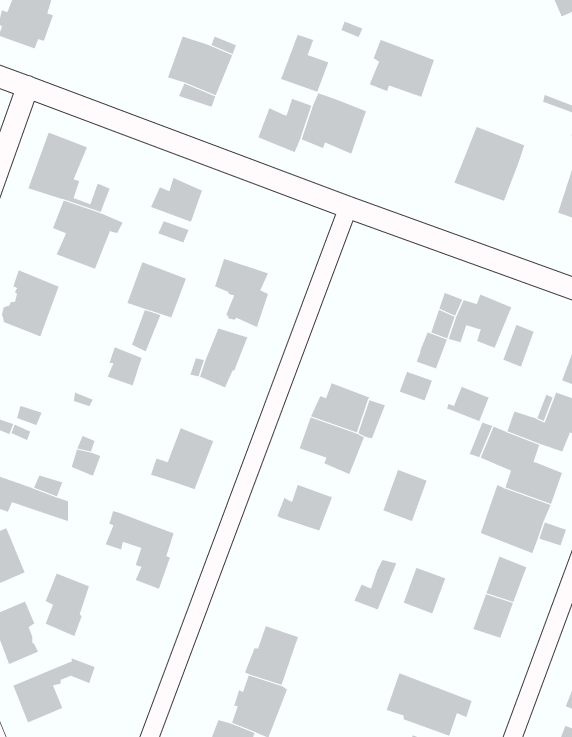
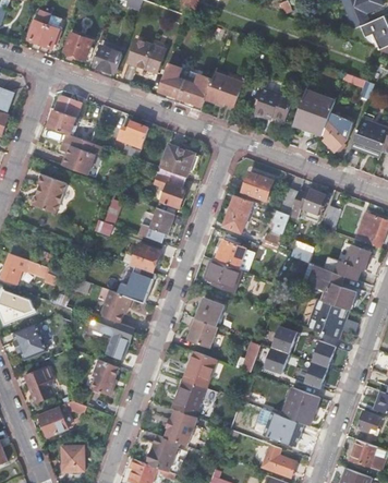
building: none -> [63,33,93,60]
building: [280,34,329,92] -> [158,64,186,98]
building: [369,39,435,98] -> [254,87,292,121]
building: none -> [94,47,122,73]
building: none -> [323,112,354,152]
building: [127,262,187,318] -> [160,144,195,177]
building: none -> [242,172,272,200]
building: none -> [225,195,253,232]
building: none -> [122,243,159,273]
building: none -> [100,290,131,323]
building: [382,469,428,522] -> [271,323,298,353]
building: none -> [187,318,218,348]
building: [45,573,90,637] -> [93,359,119,396]
building: none -> [183,351,216,387]
building: none -> [281,387,320,426]

